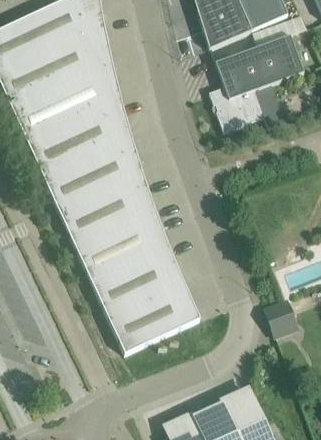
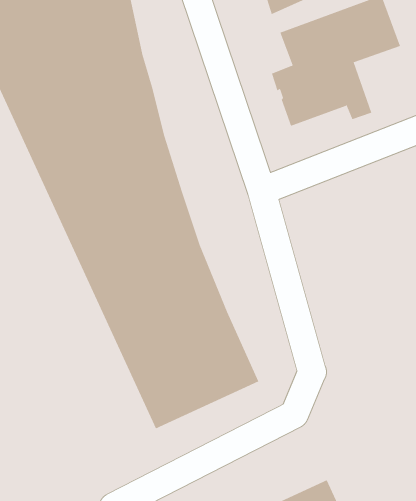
building: [264,299,297,334] -> none

